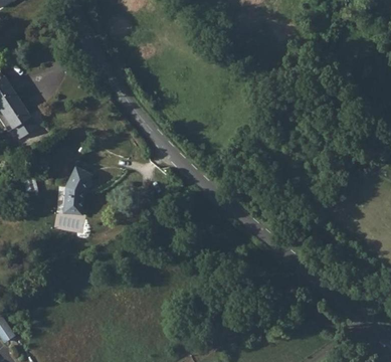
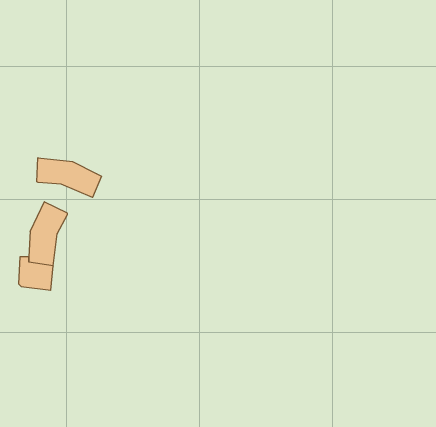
building: none -> [37,158,101,197]

